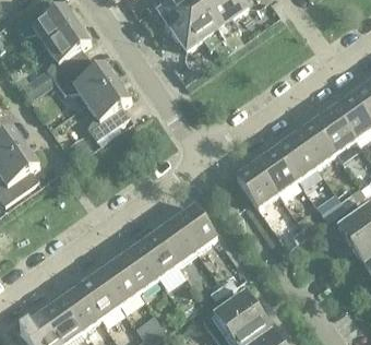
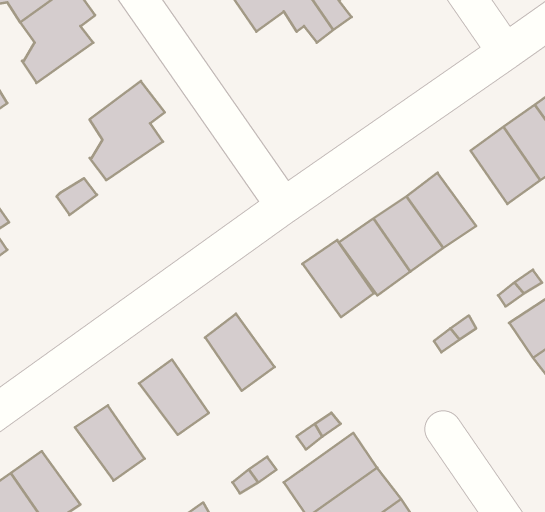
building: [55,57,117,103] -> none
building: [294,121,335,166] -> none
building: [173,204,216,250] -> [302,240,374,317]
building: [135,233,177,277] -> none
building: [97,260,139,305] -> none
building: [58,286,100,332] -> none

